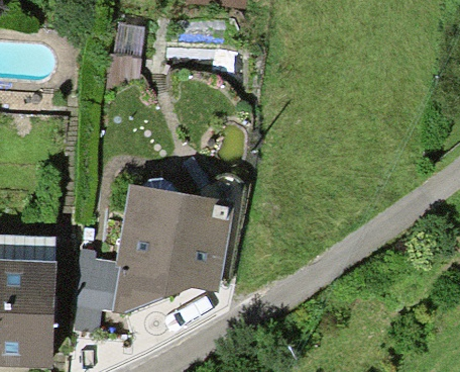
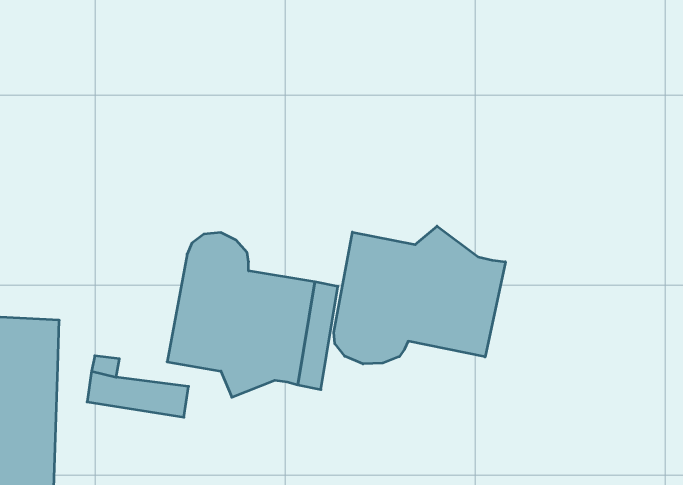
building: none -> [334,226,505,364]

